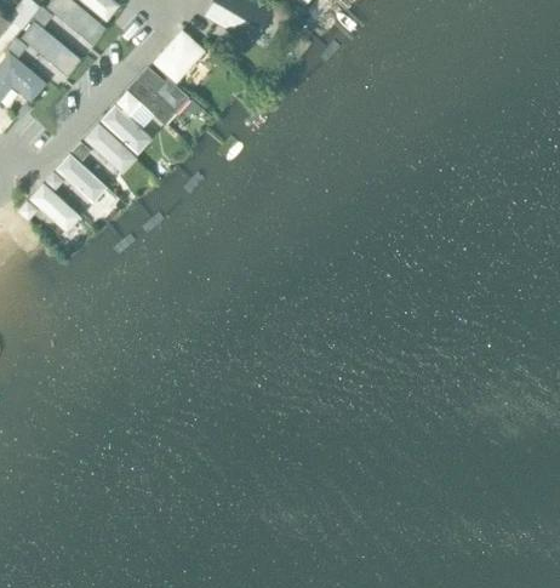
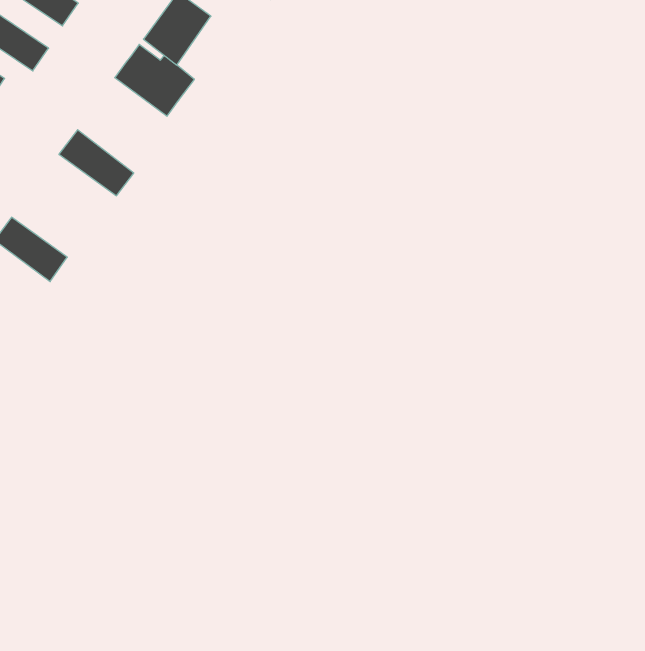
building: [99,107,152,159] -> none
building: [53,156,105,206] -> none

